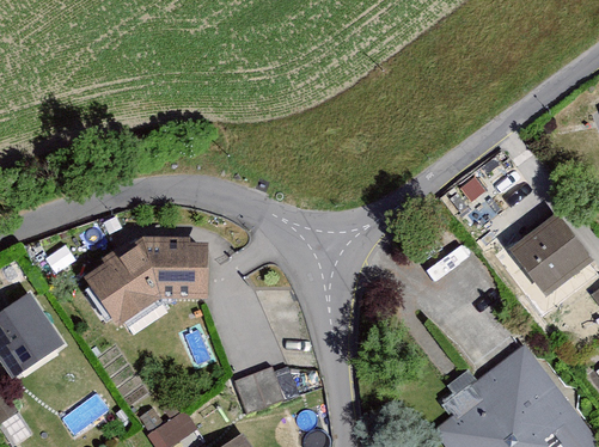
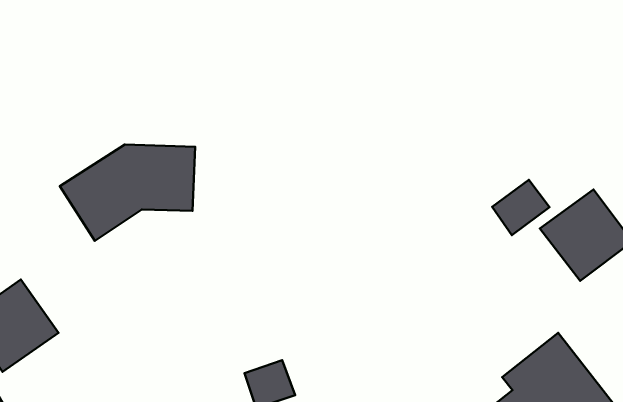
building: none -> [492,180,549,235]
building: [85,240,209,329] -> [60,144,195,241]

